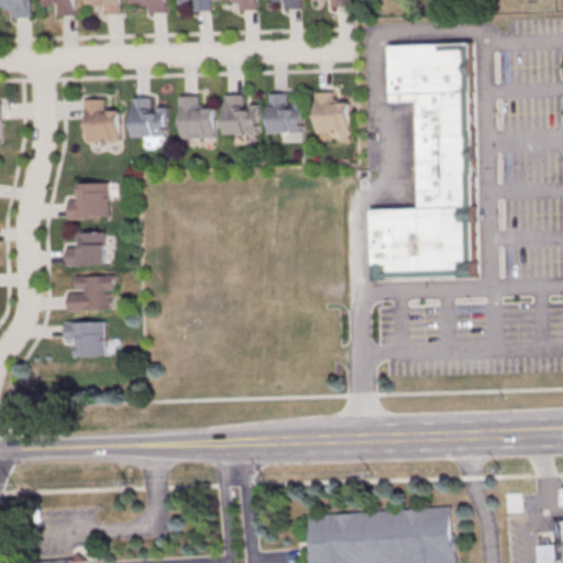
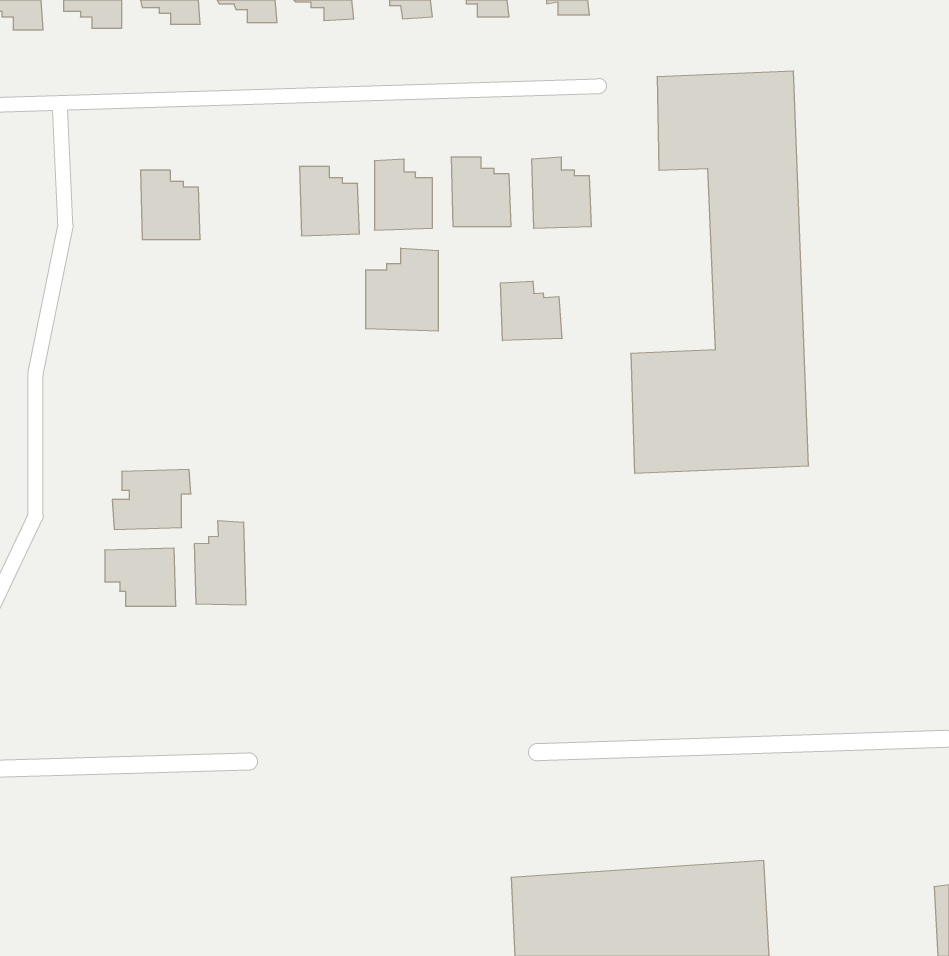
building: [130,96,164,137] -> none
building: none -> [366,248,438,331]
building: none -> [500,281,562,341]
building: [66,183,107,220] -> none
building: [63,232,103,269] -> none
building: none -> [195,521,246,605]

